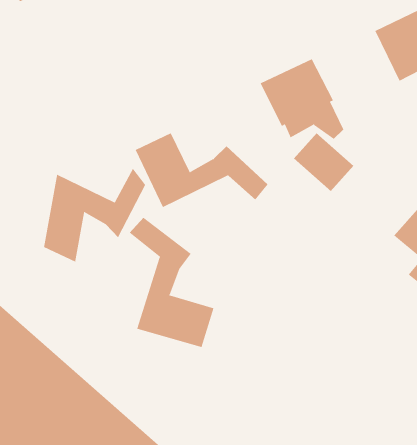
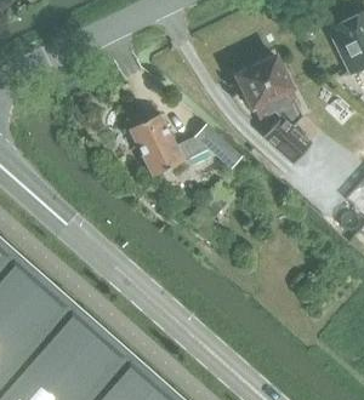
building: [44,168,146,262] -> none
building: [129,217,214,348] -> none

